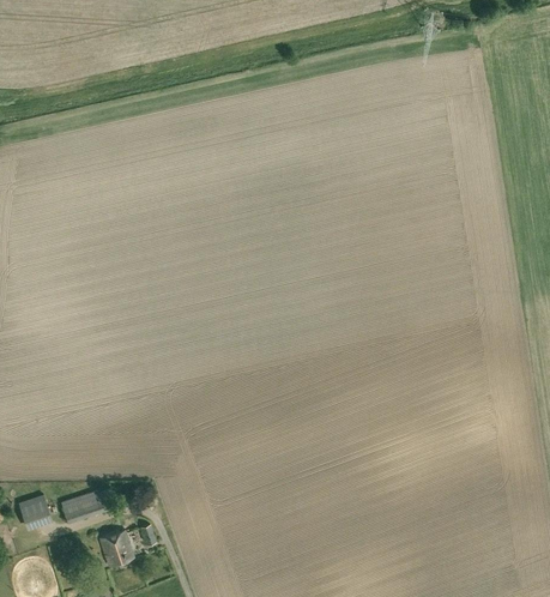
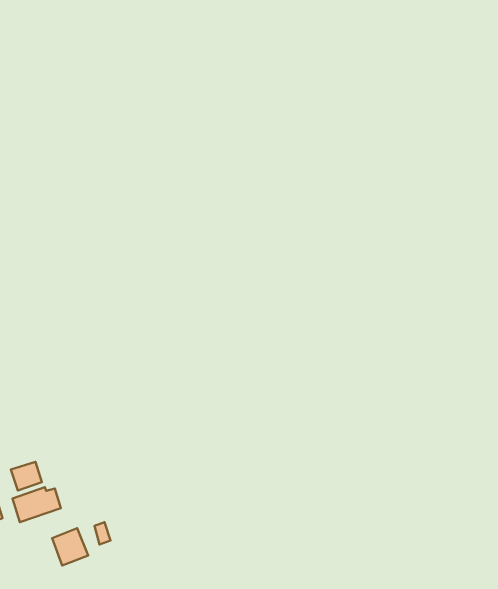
building: none -> [11,462,42,491]

